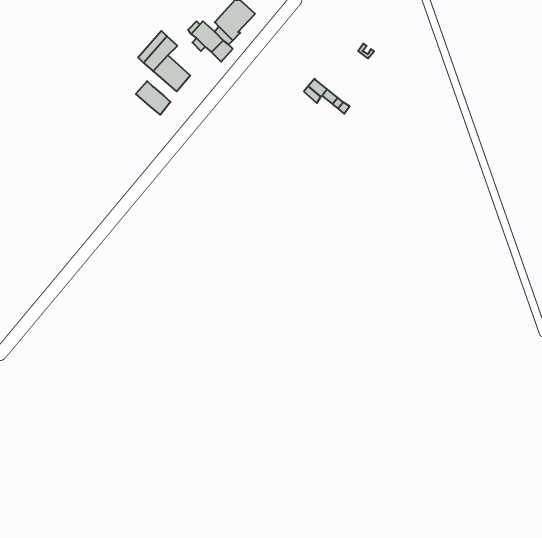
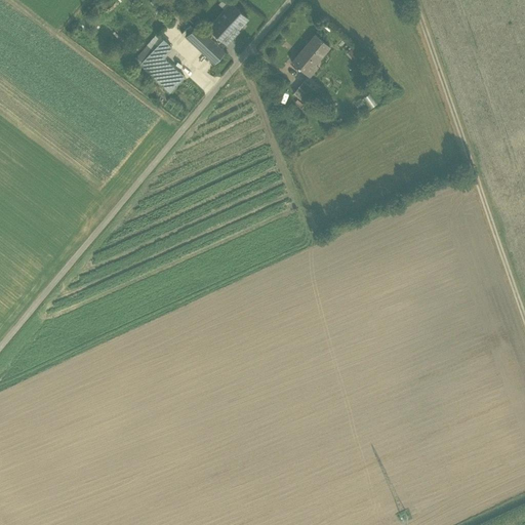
building: none -> [292,35,329,77]
building: [136,81,171,115] -> none

